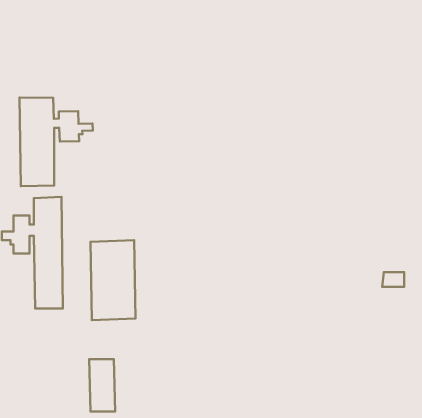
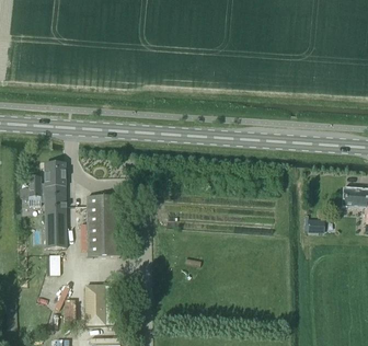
building: [20,98,93,186] -> none

